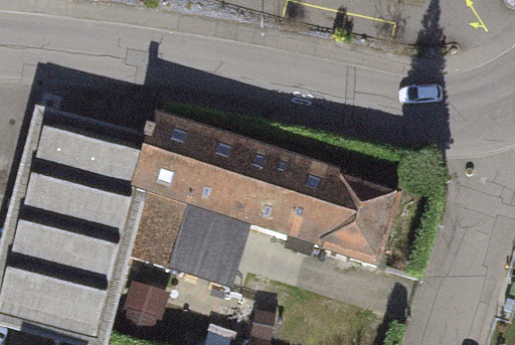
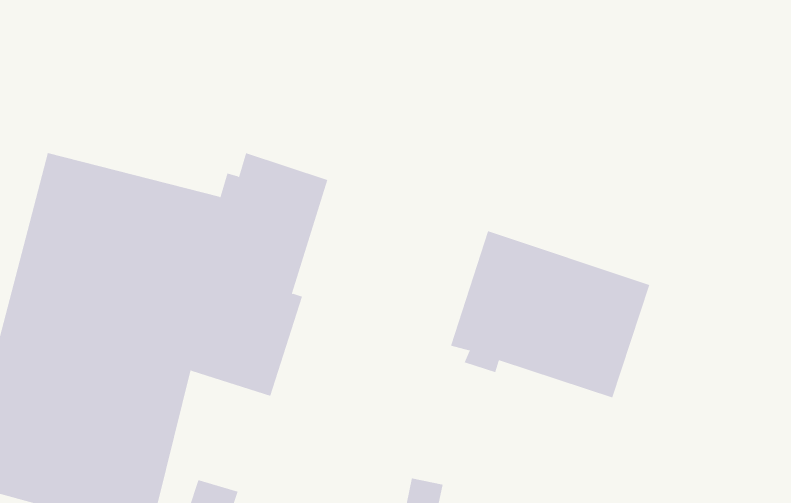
building: [175,130,304,277] -> none

